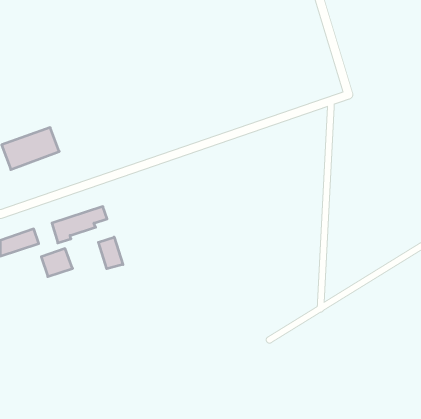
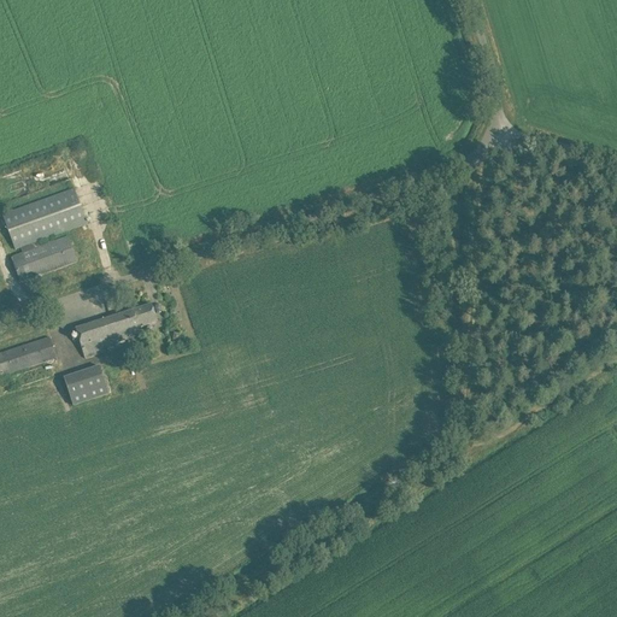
building: none -> [11,235,77,281]
building: [98,237,123,269] -> none

